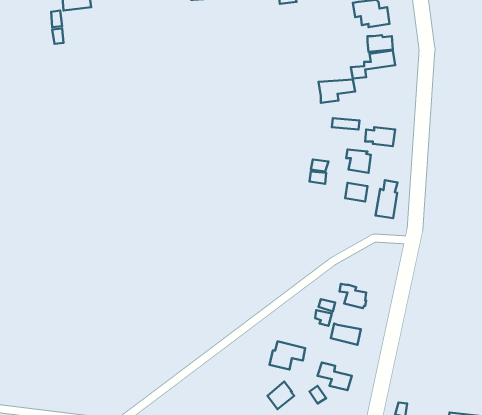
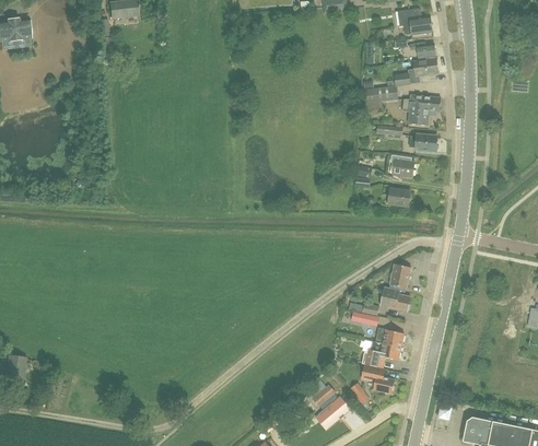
building: none -> [402,94,440,125]
building: [375,180,397,218] -> none
building: none -> [389,263,410,292]
building: [270,342,305,369] -> [365,341,400,368]

